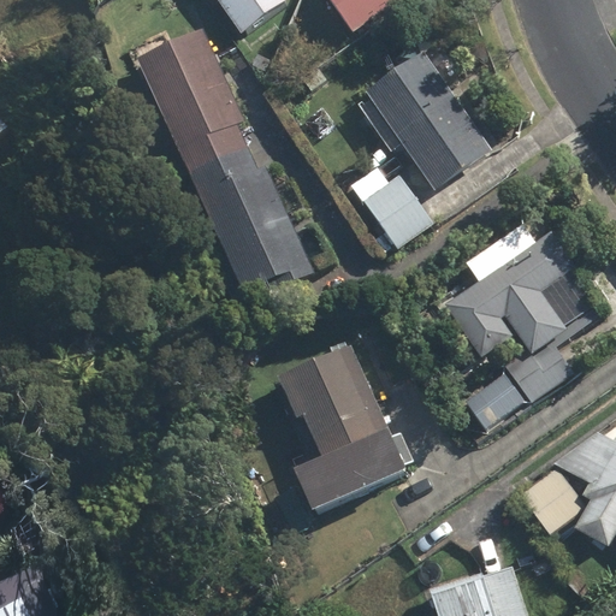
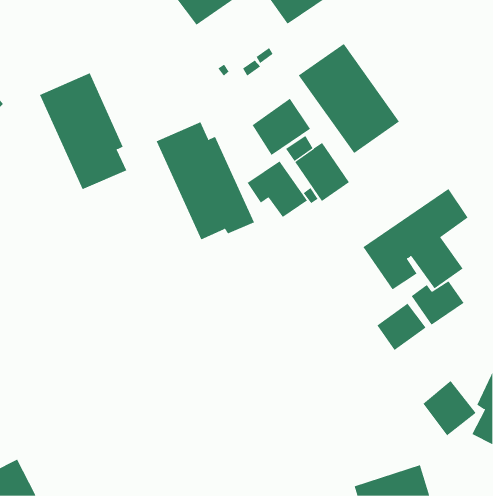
building: [138,29,247,173] -> [39,72,127,190]
building: none -> [252,98,311,156]
building: none -> [247,160,308,218]
building: [282,346,410,515] -> none

